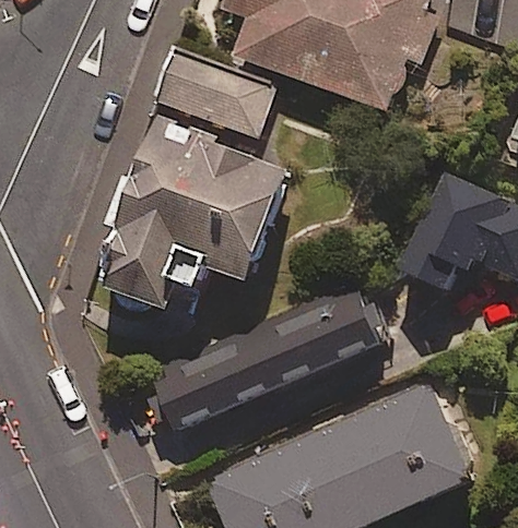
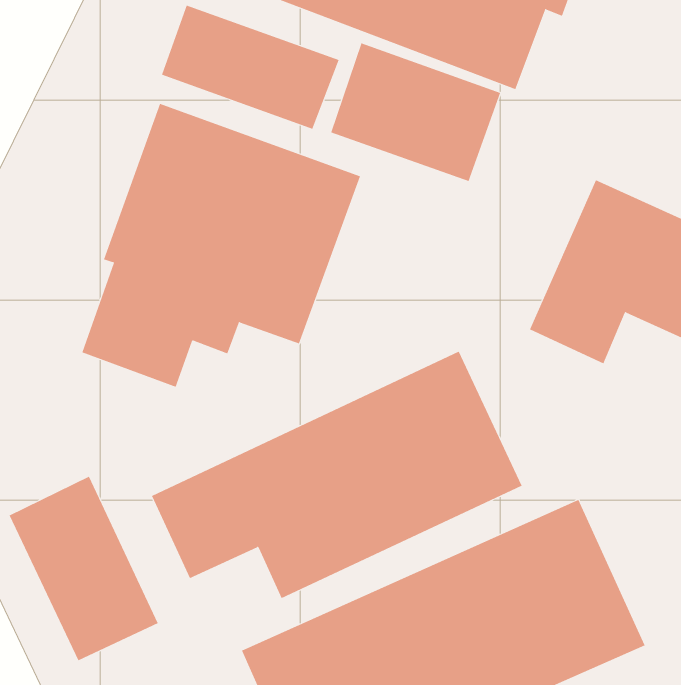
building: none -> [330,43,501,182]
building: none -> [9,476,158,661]

